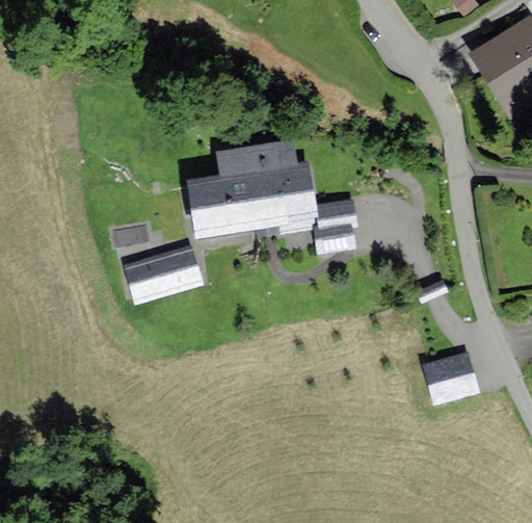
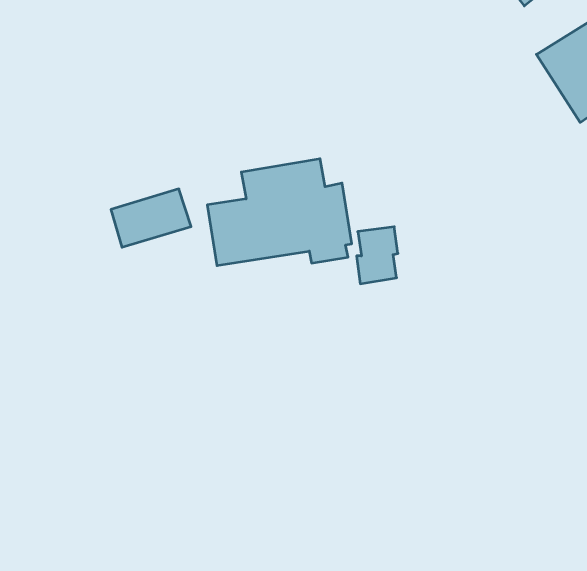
building: [128,249,196,298] -> [111,189,191,247]
building: [426,356,472,399] -> none

